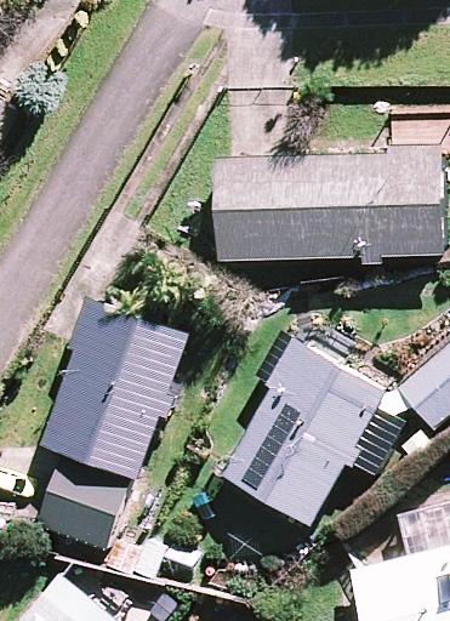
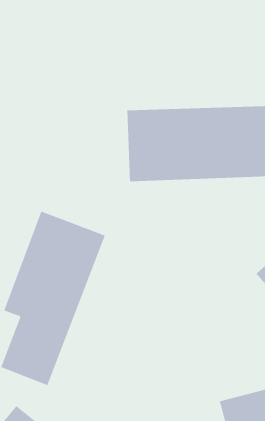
building: [222,335,387,524] -> none

